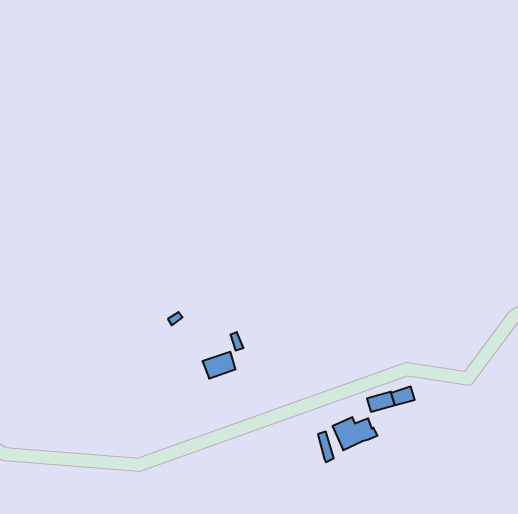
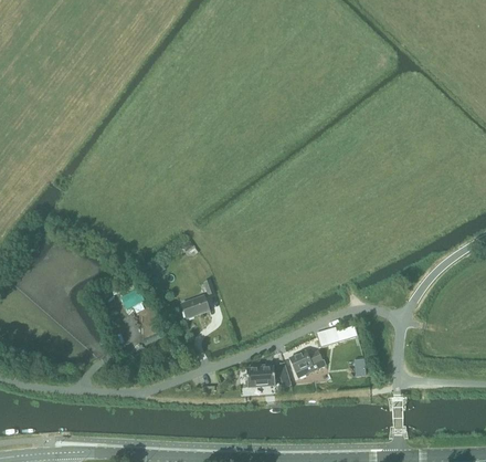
building: none -> [246,366,276,386]

